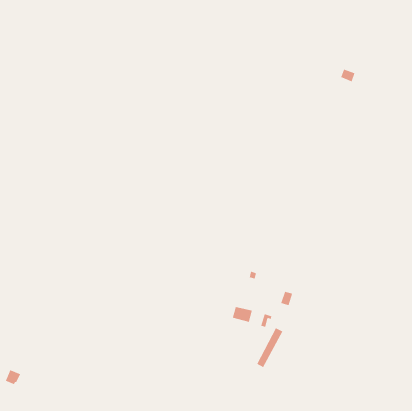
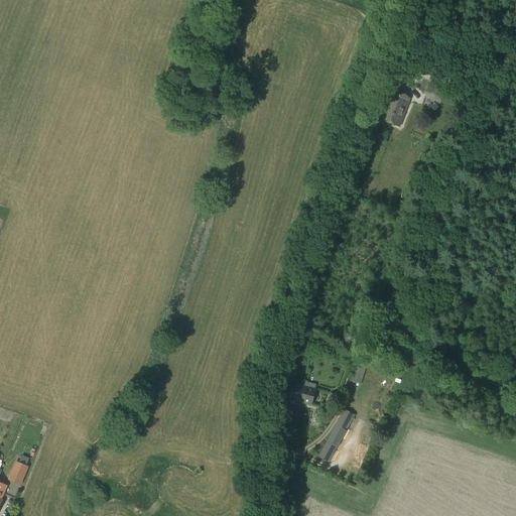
building: none -> [383,93,410,124]

